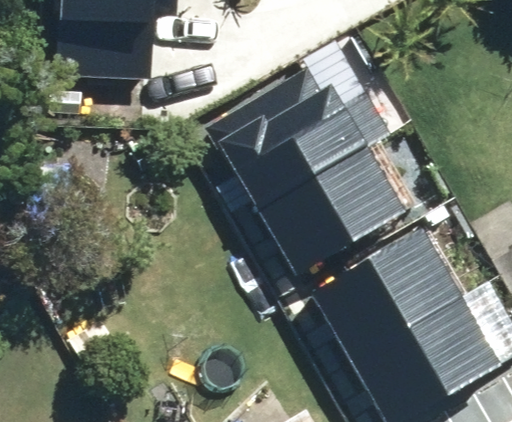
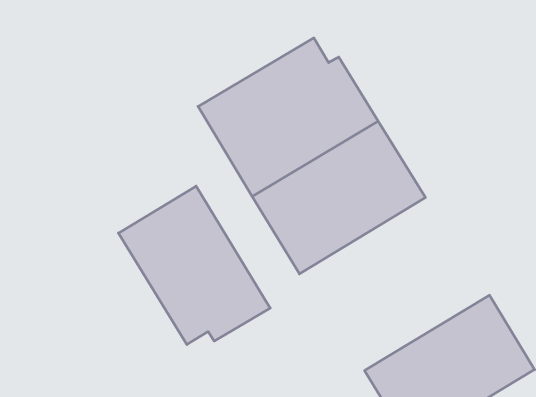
building: none -> [118,186,270,345]
building: [312,228,465,364] -> none

